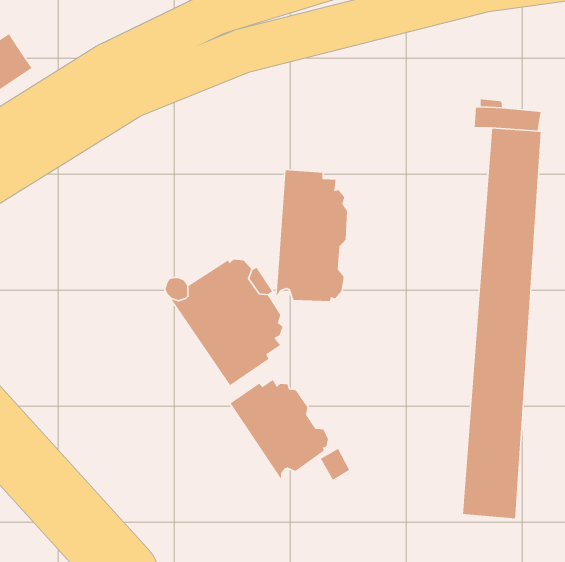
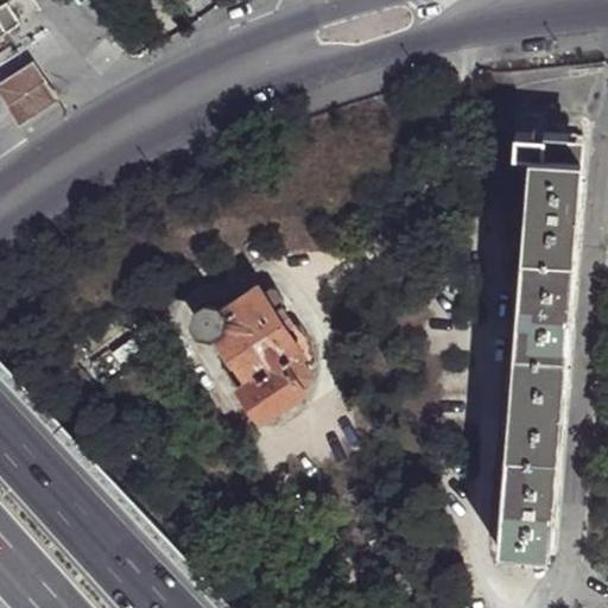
building: [275,169,348,305] -> none
building: [229,379,329,485] -> none

